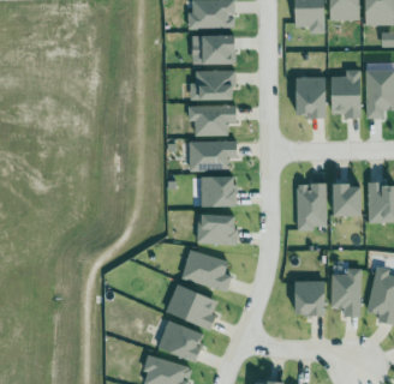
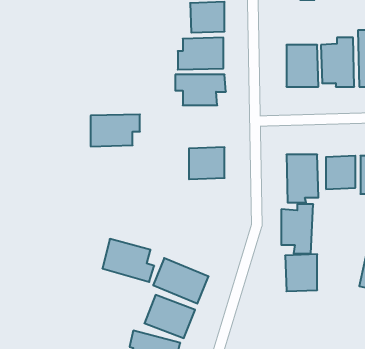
building: [189,140,237,172] -> [91,114,140,146]
building: [196,215,237,245] -> none
building: [181,250,232,292] -> [102,239,154,282]
building: [330,269,362,317] -> [281,204,313,254]

